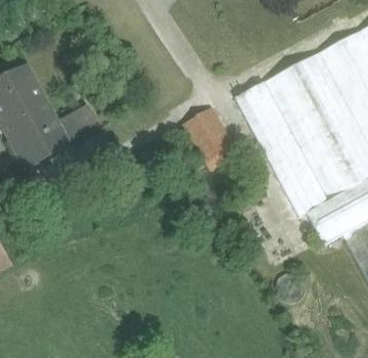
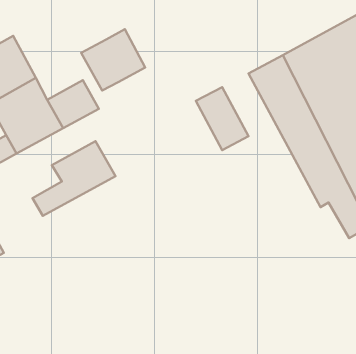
building: none -> [81,29,145,91]
building: none -> [32,141,115,216]

